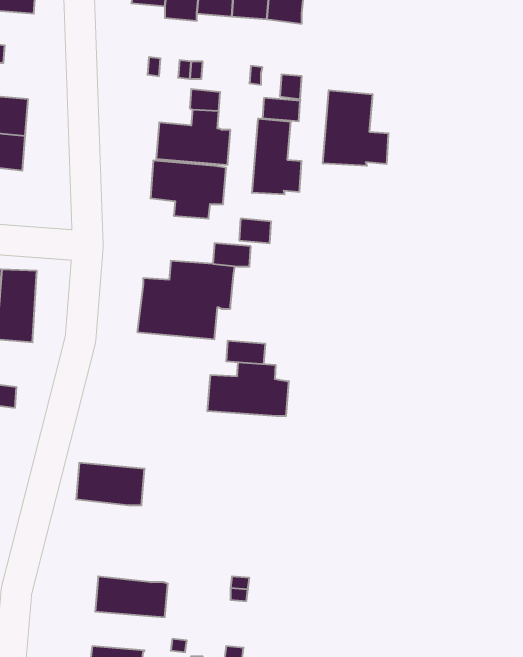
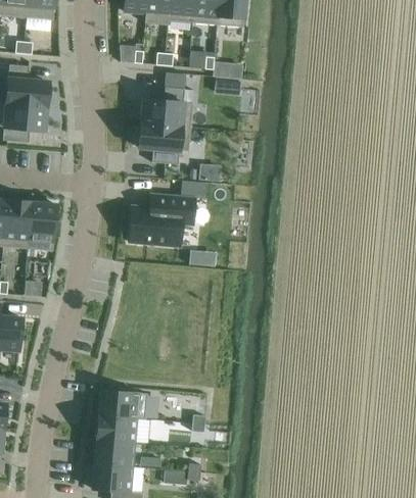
building: [323,90,388,166] -> none
building: [252,118,301,194] -> none
building: [208,362,289,416] -> none
building: [76,463,145,505] -> [99,389,147,418]
building: none -> [95,439,134,466]

